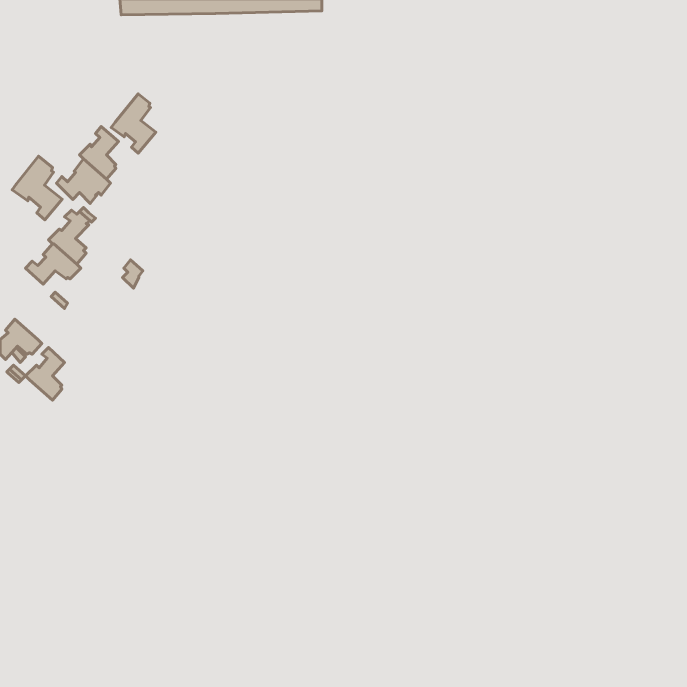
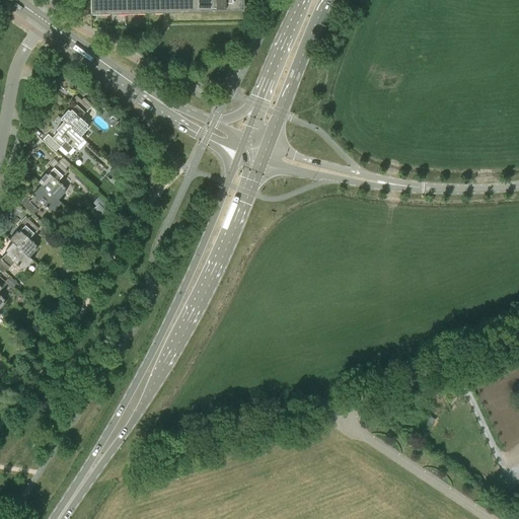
building: [111,94,156,153] -> none
building: [12,156,62,220] -> none
building: [26,348,65,400] -> [9,216,39,255]

